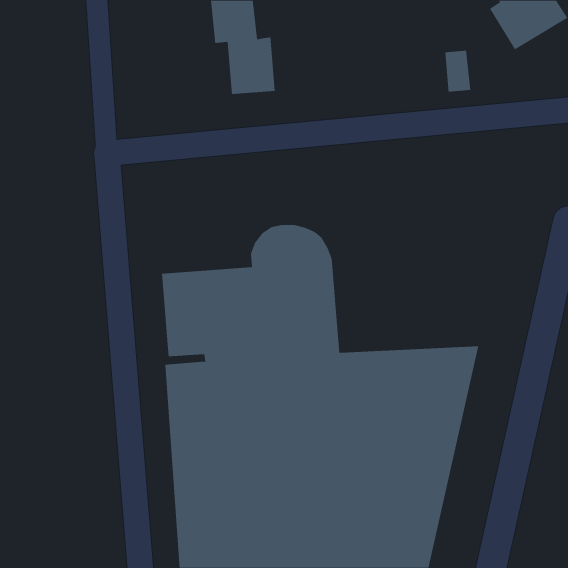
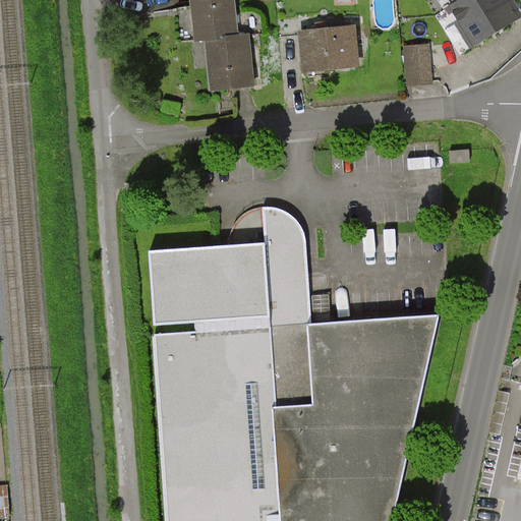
building: none -> [302,27,357,70]

